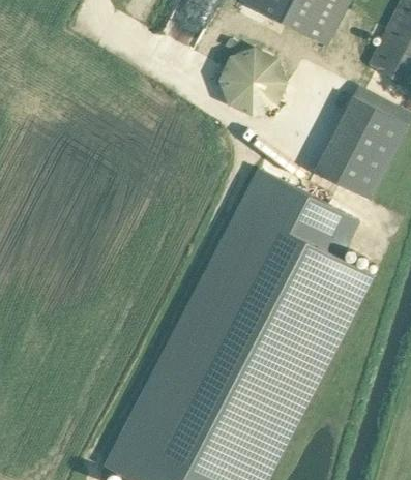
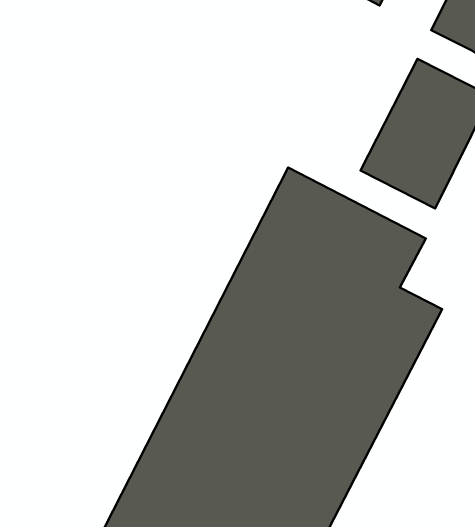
building: [219,48,287,116] -> none

